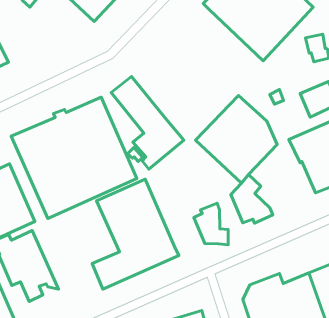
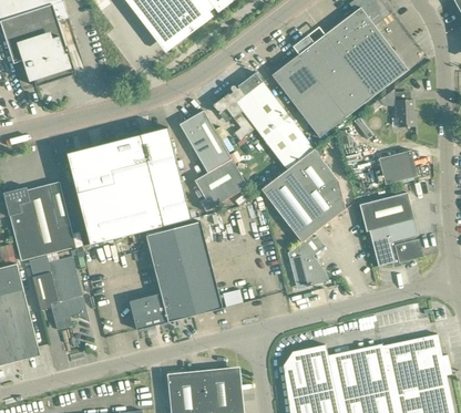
building: none -> [272,54,346,137]
building: none -> [213,72,314,169]
building: [194,203,228,245] -> none

